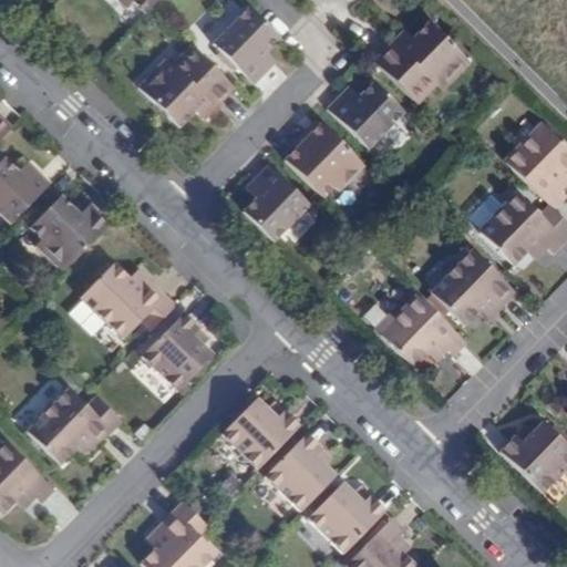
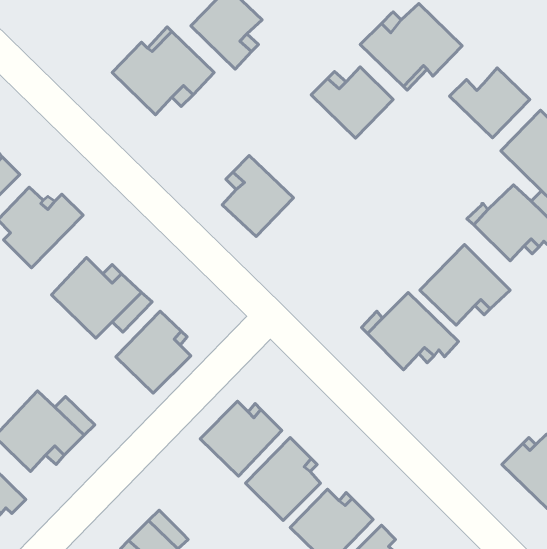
building: none -> [450,68,530,138]
building: [285,118,364,197] -> none

